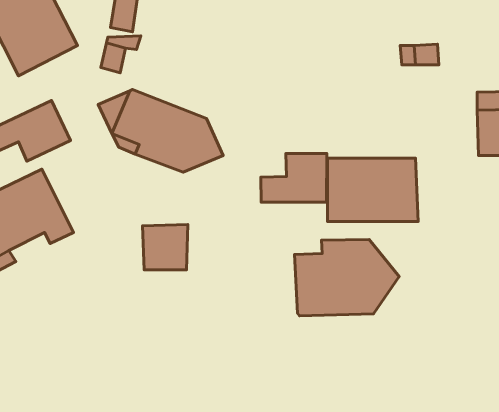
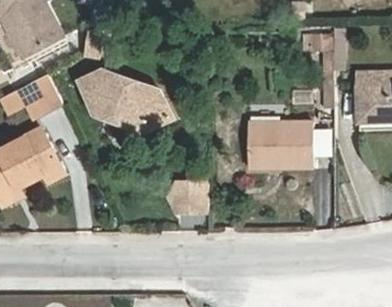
building: [261,153,327,202] -> none
building: [143,224,188,270] -> [175,178,208,211]
building: [295,240,399,316] -> none

